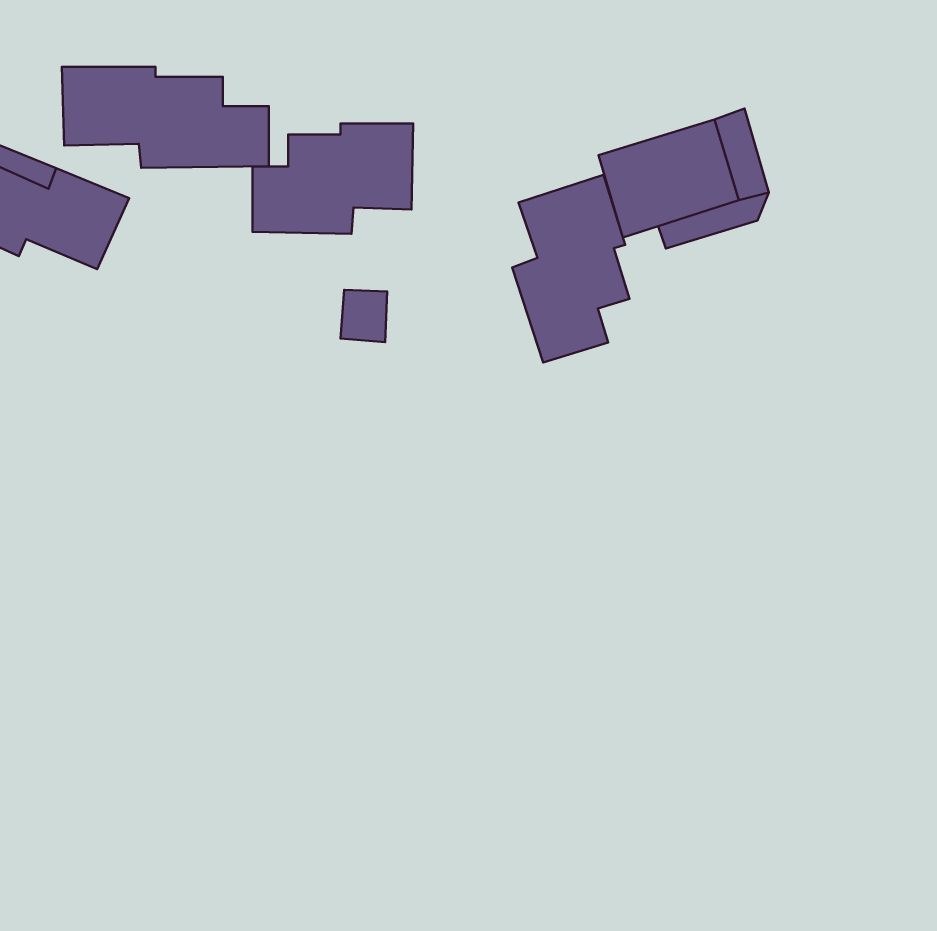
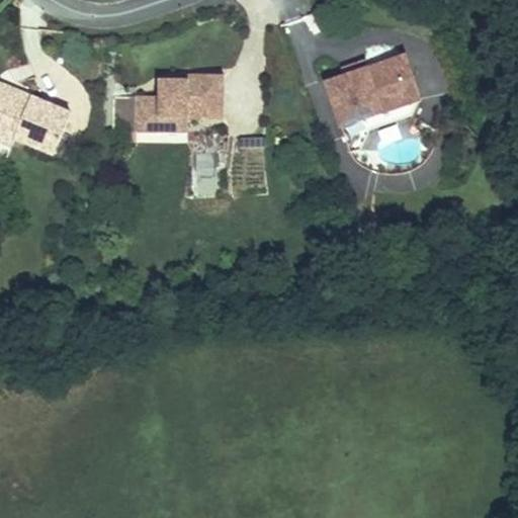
building: [62,67,269,168] -> none
building: [512,175,629,362] -> none

